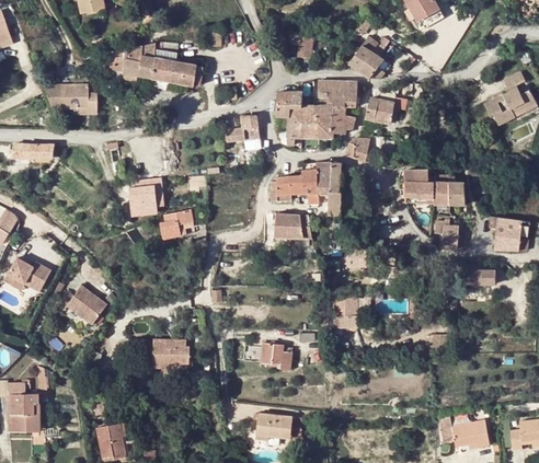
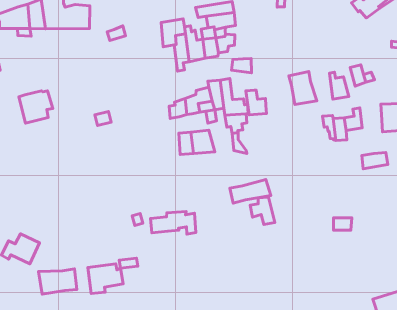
building: [366,91,395,123] -> none
building: [225,115,259,141] -> none
building: [426,174,448,204] -> none
building: none -> [246,90,266,115]
building: [130,184,164,216] -> [19,91,53,123]
building: [160,210,192,238] -> none
building: none -> [230,179,271,203]
building: none -> [38,269,77,294]
building: [243,344,293,370] -> [150,212,196,234]

